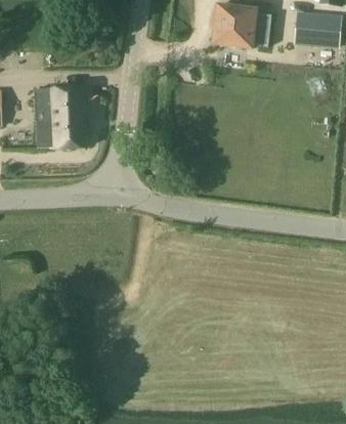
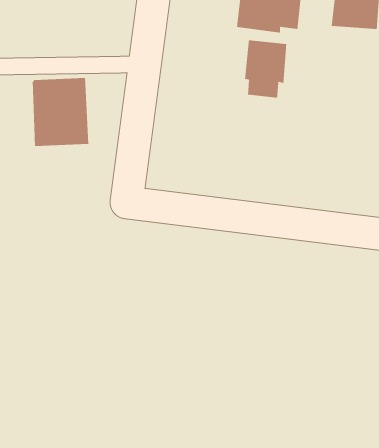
building: none -> [244,39,287,98]

